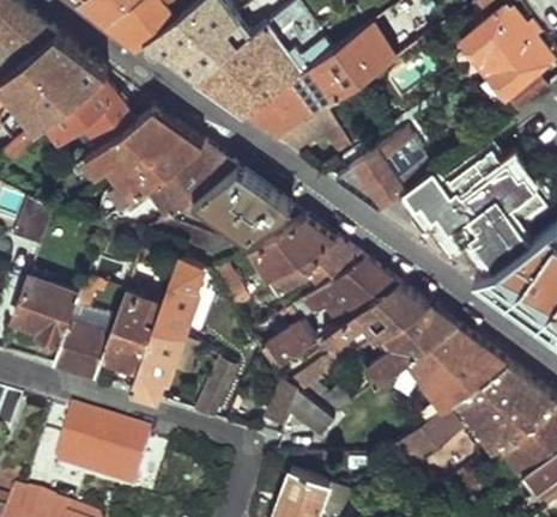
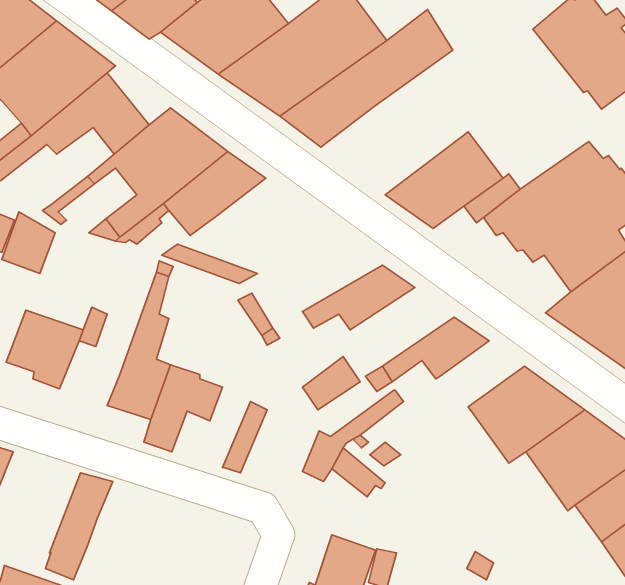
building: [280,107,344,159] -> none
building: [192,168,289,238] -> none
building: [246,219,333,282] -> none
building: [152,258,202,335] -> none
building: [289,261,394,324] -> none
building: [361,306,454,387] -> none
building: [50,321,109,381] -> none
building: [387,410,458,470] -> none
building: [81,426,146,494] -> none

